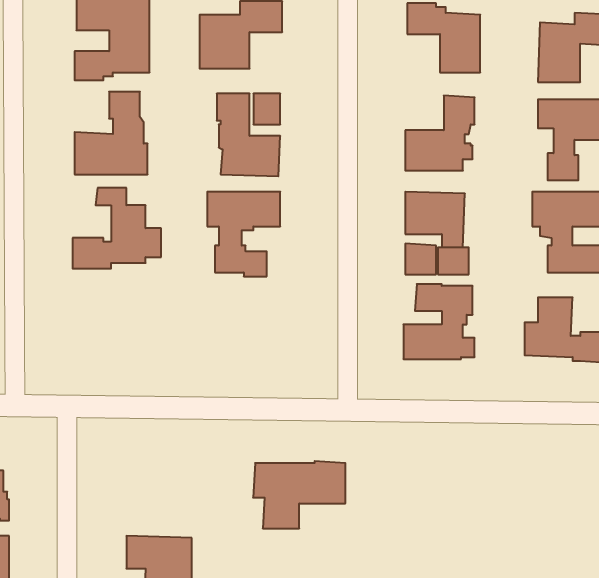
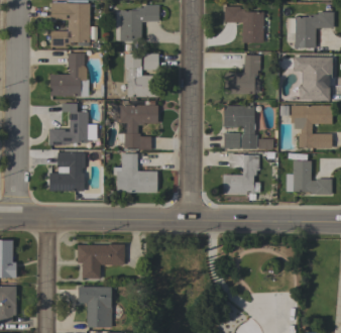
building: none -> [49,151,86,192]
building: none -> [113,153,157,193]
building: [253,461,345,528] -> [77,243,125,279]

